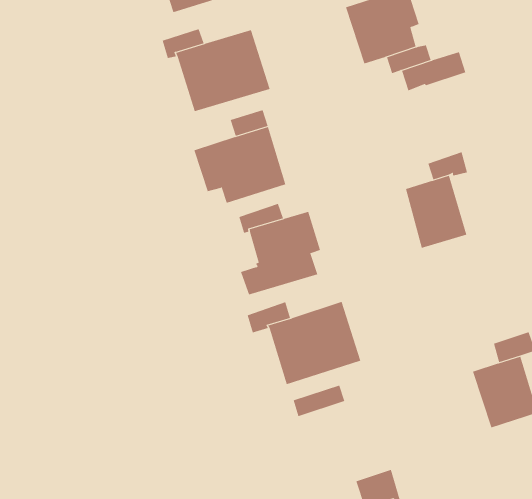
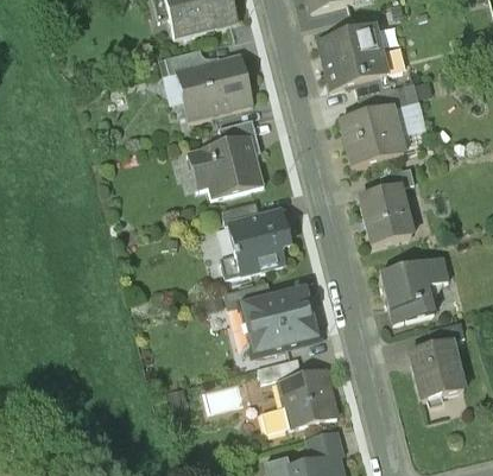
building: none -> [342,108,397,166]
building: none -> [380,258,448,324]
building: none -> [264,369,337,433]

